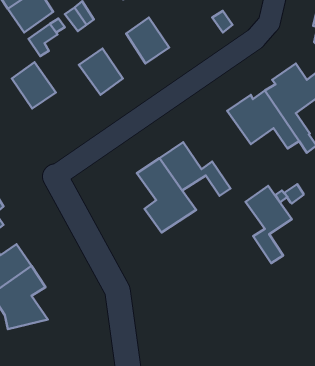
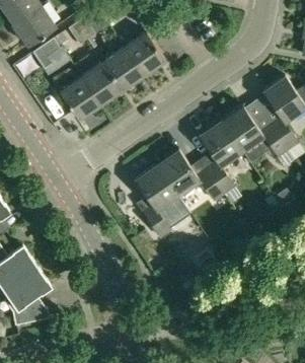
building: none -> [103,47,144,89]
building: [12,62,56,109] -> [60,76,101,120]
building: [245,186,292,263] -> [200,120,243,193]

